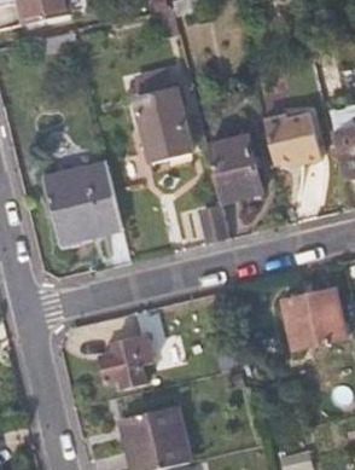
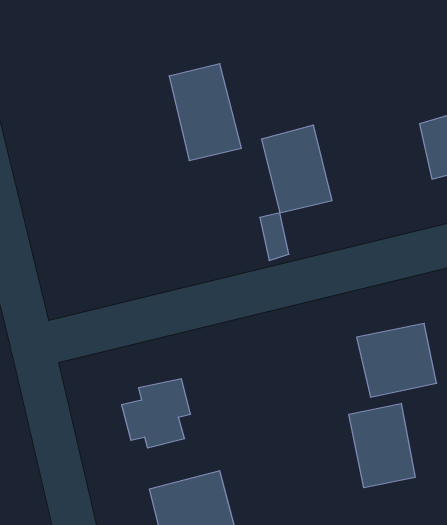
building: [264,114,321,168] -> none
building: [43,163,122,243] -> none
building: none -> [349,403,415,488]

